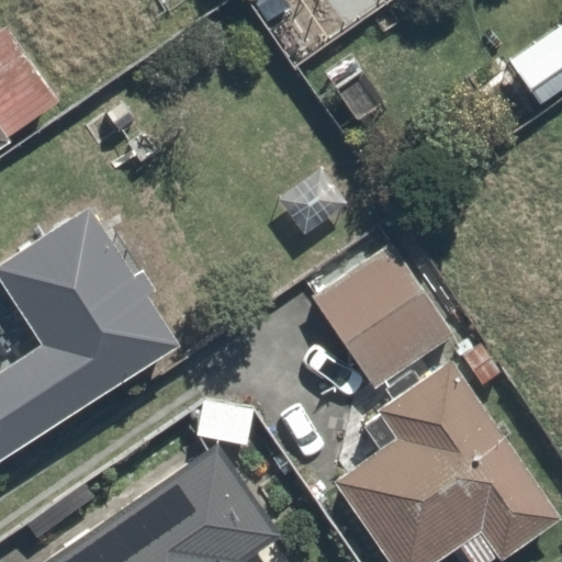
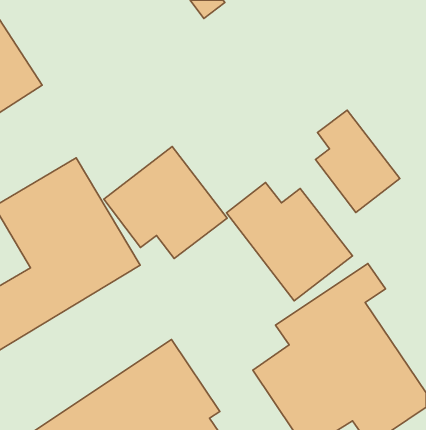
building: none -> [315,110,400,212]
building: none -> [104,147,227,258]

